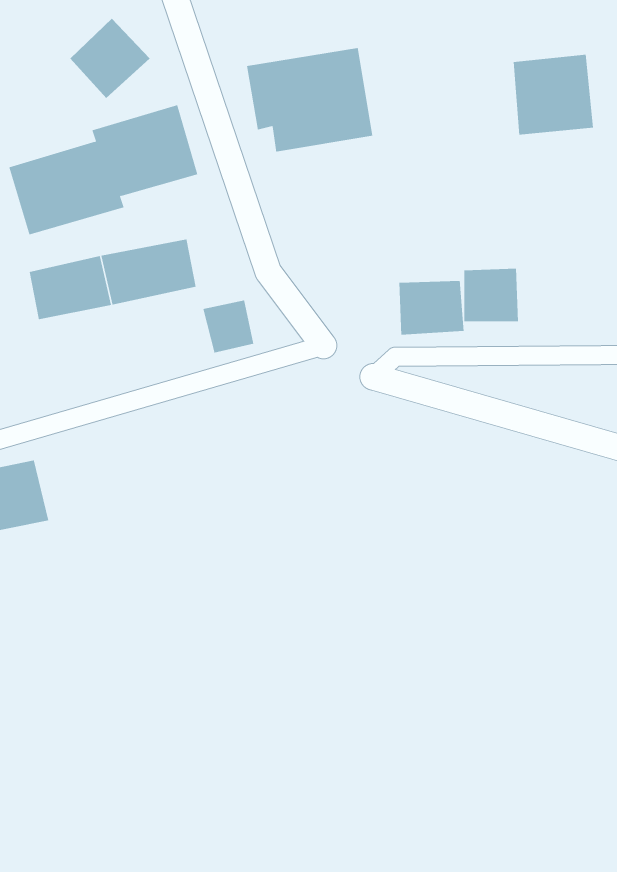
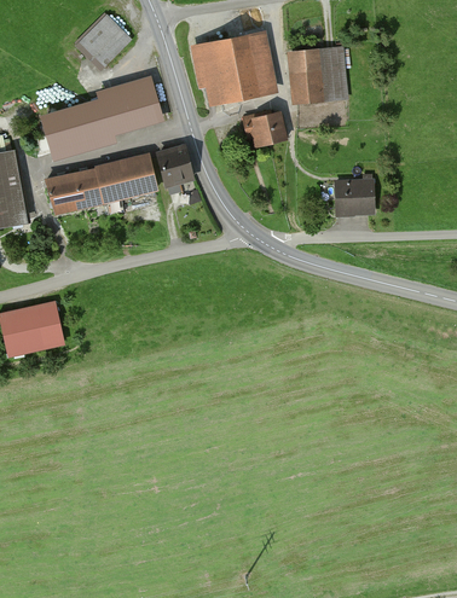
building: [513,54,594,135] -> [291,50,345,103]
building: none -> [253,114,289,146]
building: [399,280,464,335] -> none
building: [203,300,254,353] -> [160,150,193,185]

